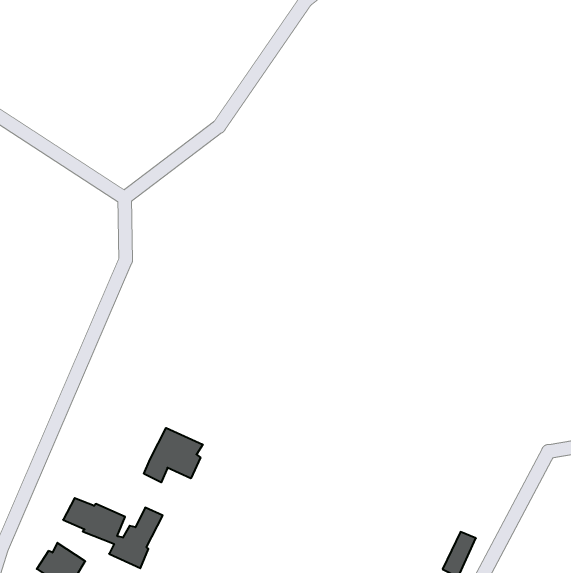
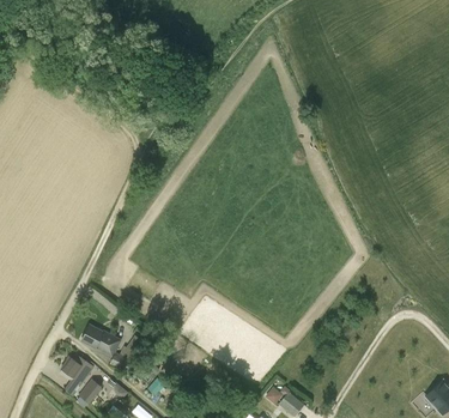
building: [144,428,203,482] -> none

